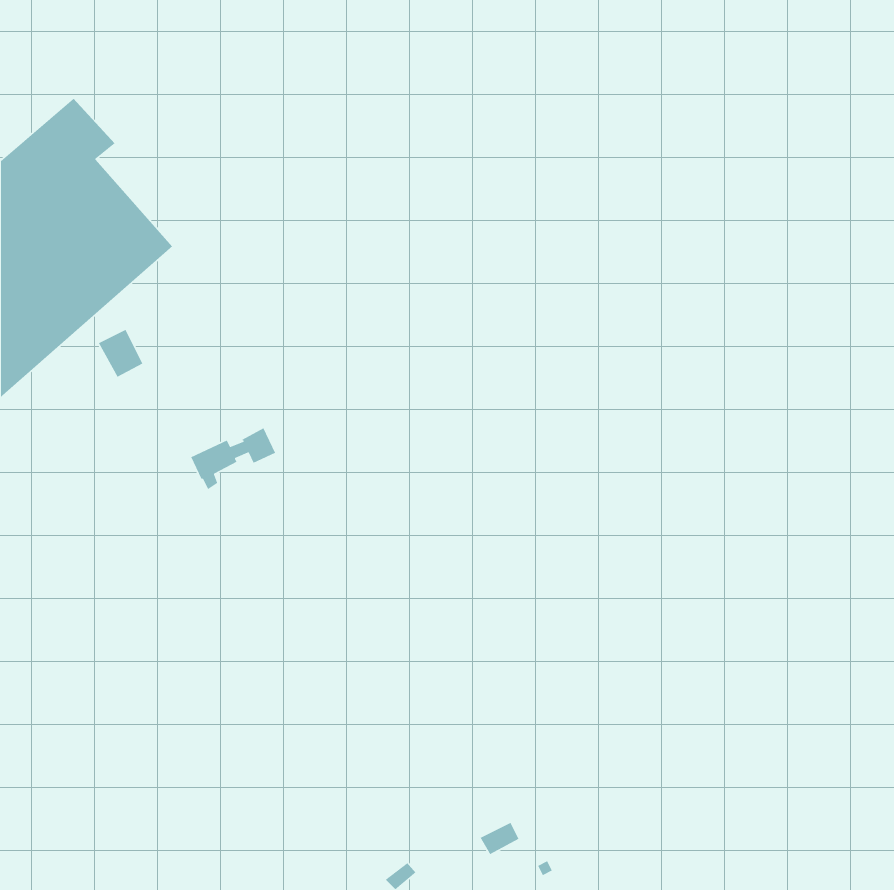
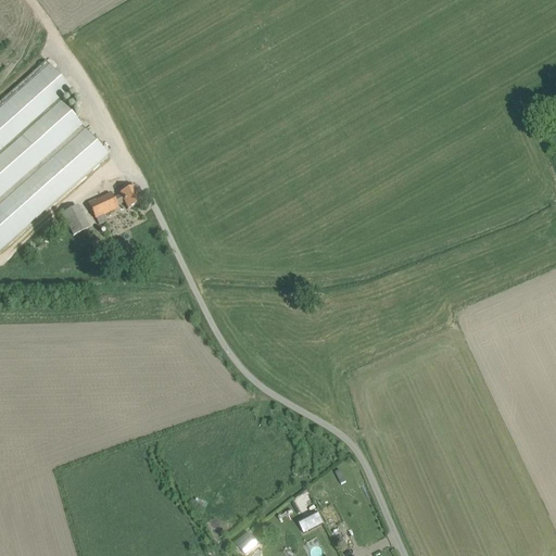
building: [190,427,276,490] -> [88,185,141,224]

